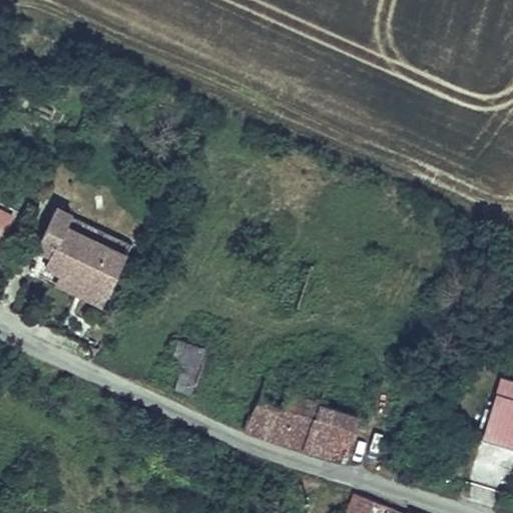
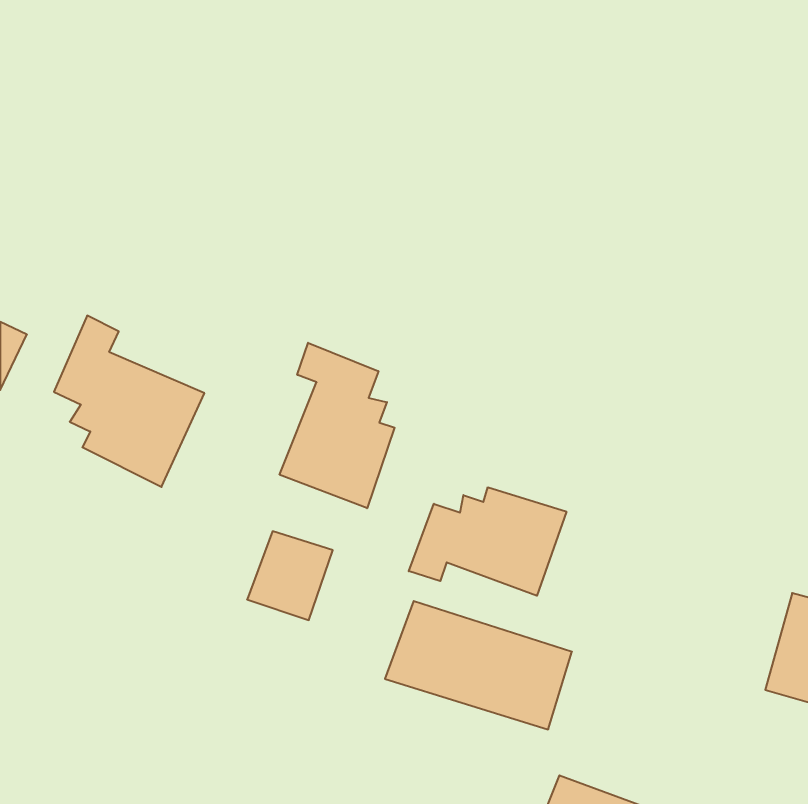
building: none -> [280,343,395,508]
building: none -> [409,487,566,596]

